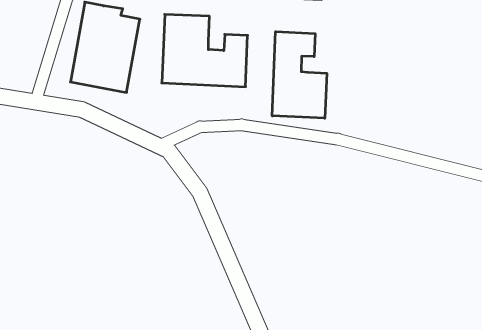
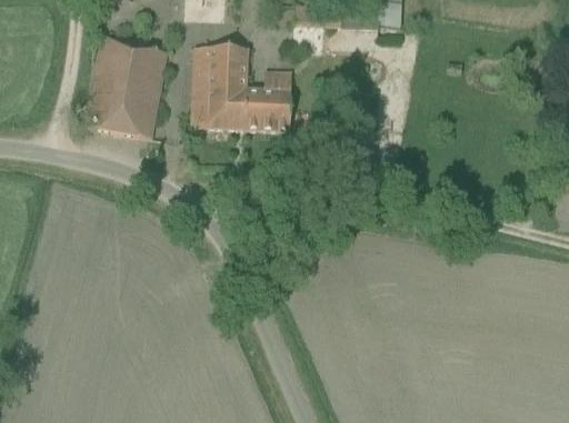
building: [272,32,327,118] -> none

